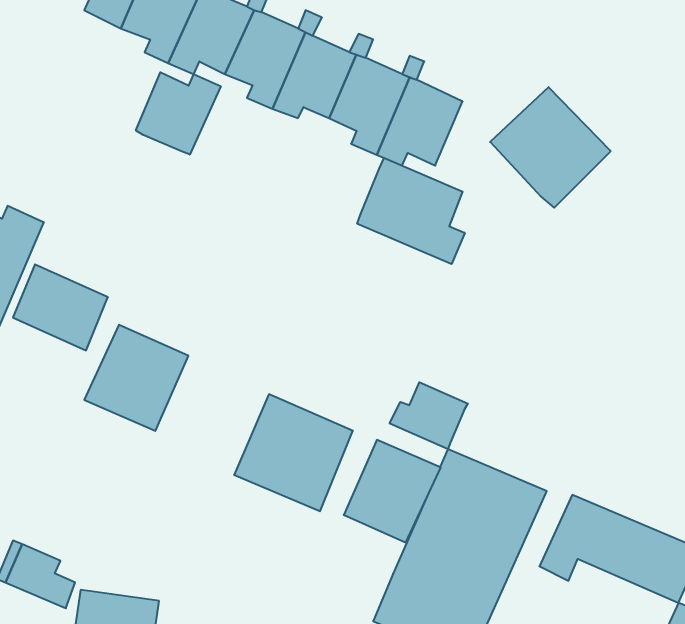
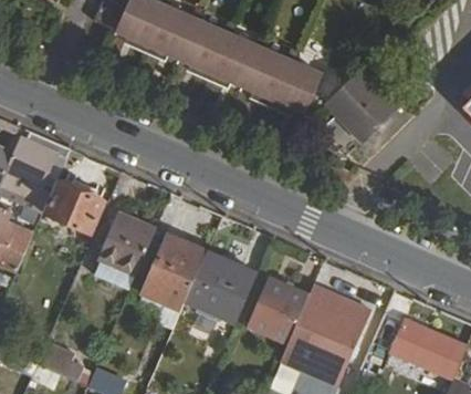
building: [136,72,221,155] -> none
building: [357,158,465,264] -> none
building: none -> [143,236,205,309]
building: [390,382,468,449] -> none

